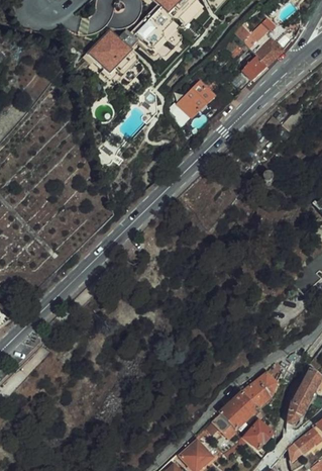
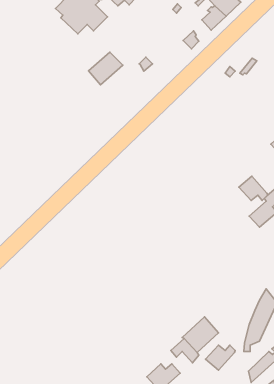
building: [177,82,214,117] -> [88,52,123,85]
building: none -> [239,176,268,200]
building: [243,372,277,408] -> none

